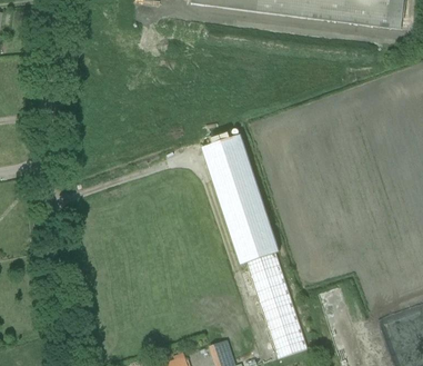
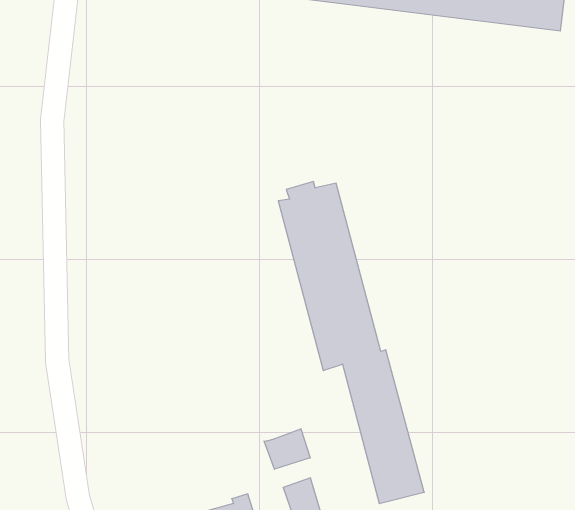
building: none -> [264,429,310,469]

